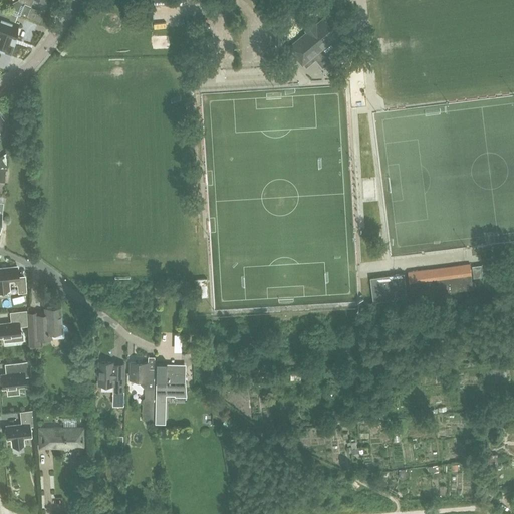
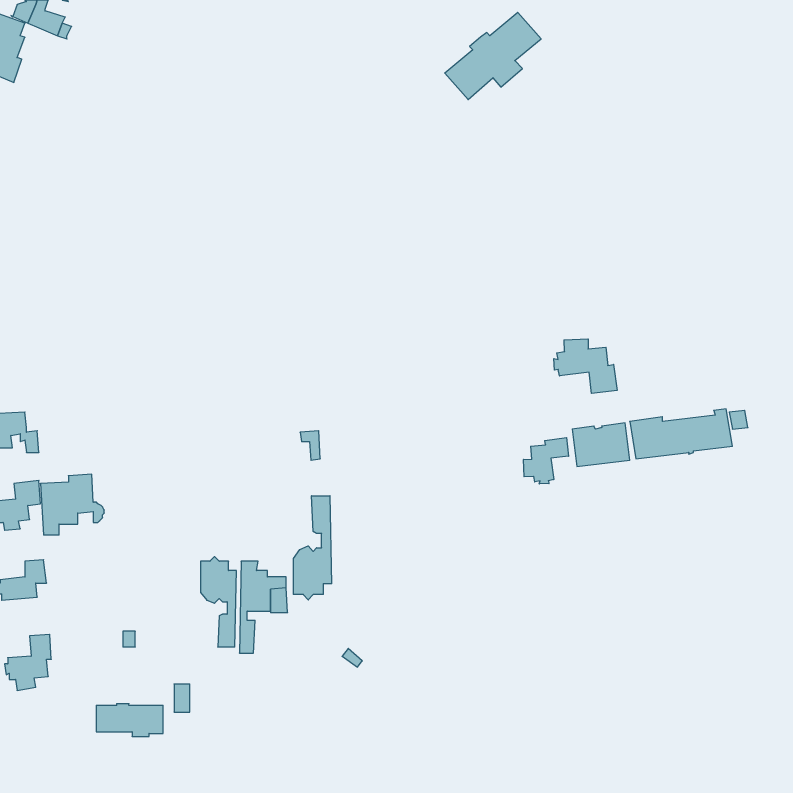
building: none -> [554,339,617,393]
building: none -> [524,438,569,484]
building: none -> [293,496,332,600]
building: [96,362,123,406] -> none
building: [39,428,82,449] -> [96,704,163,736]

